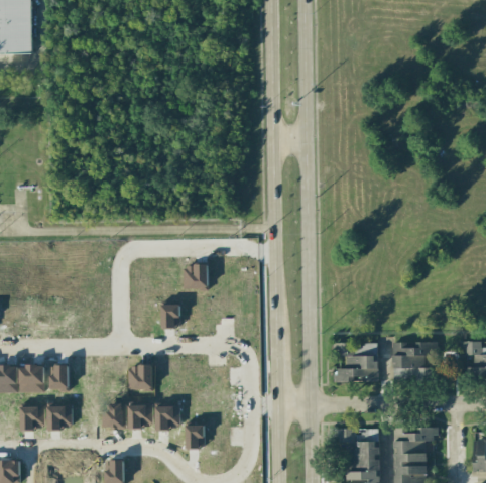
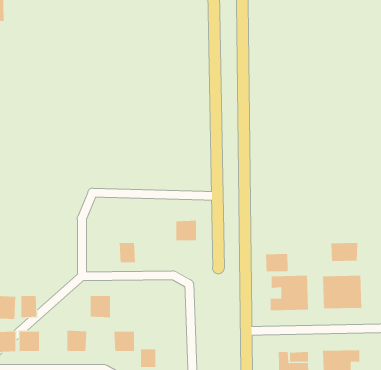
building: [184,264,208,287] -> [175,220,197,241]
building: none -> [331,242,358,262]
building: none -> [266,253,288,272]
building: [128,404,152,428] -> none

